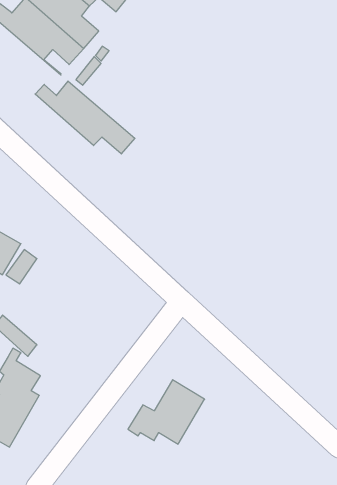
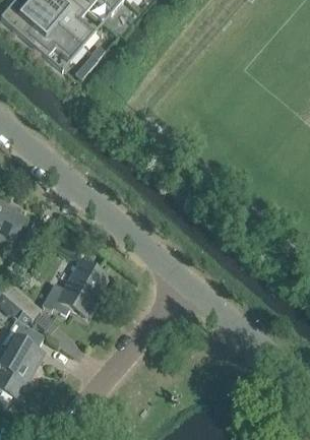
building: [35,81,135,154] -> none
building: [128,380,205,444] -> [42,260,110,317]

